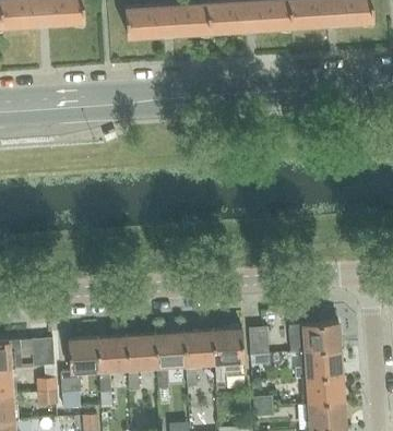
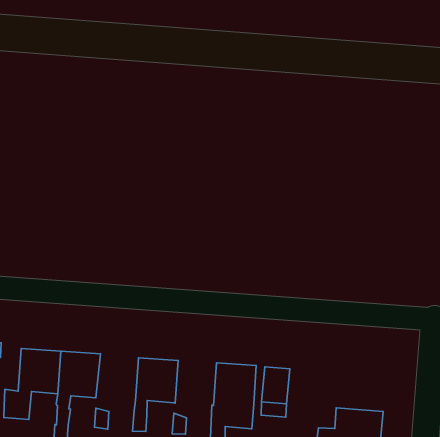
building: [289,324,341,355] -> none
building: [184,333,215,367] -> none
building: [127,337,157,371] -> none

